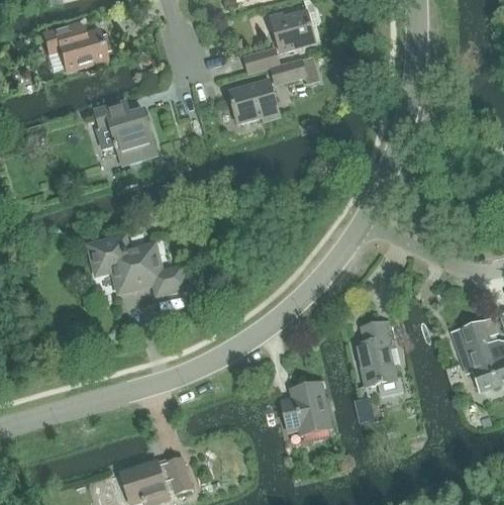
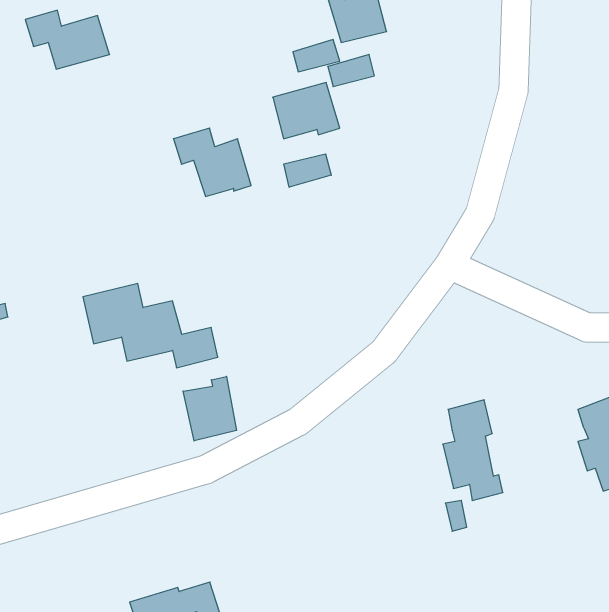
building: [95,101,154,153] -> [173,128,251,196]
building: none -> [284,154,331,187]
building: none -> [183,376,237,441]
building: [282,383,331,435] -> none

